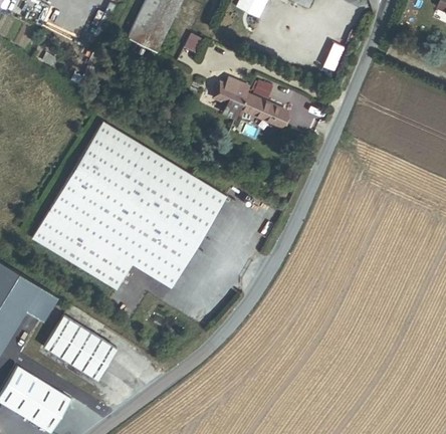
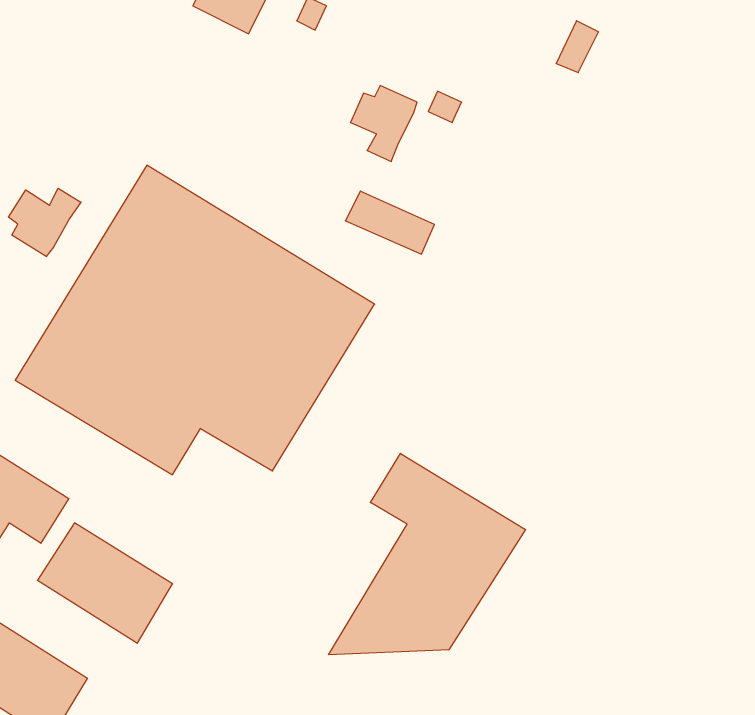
building: [239,93,287,128] -> [345,191,434,254]
building: none -> [9,188,81,257]
building: none -> [329,453,526,655]

